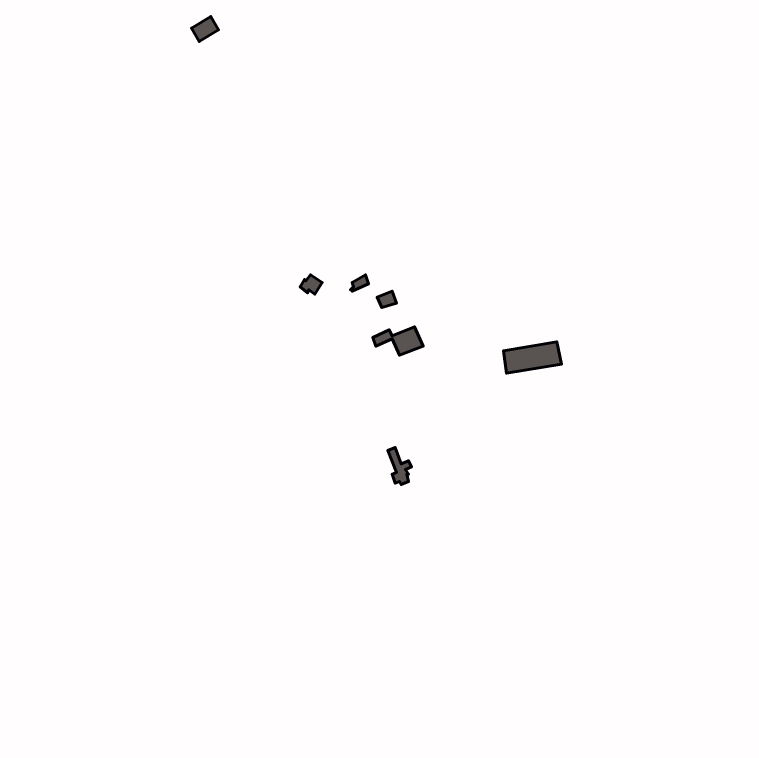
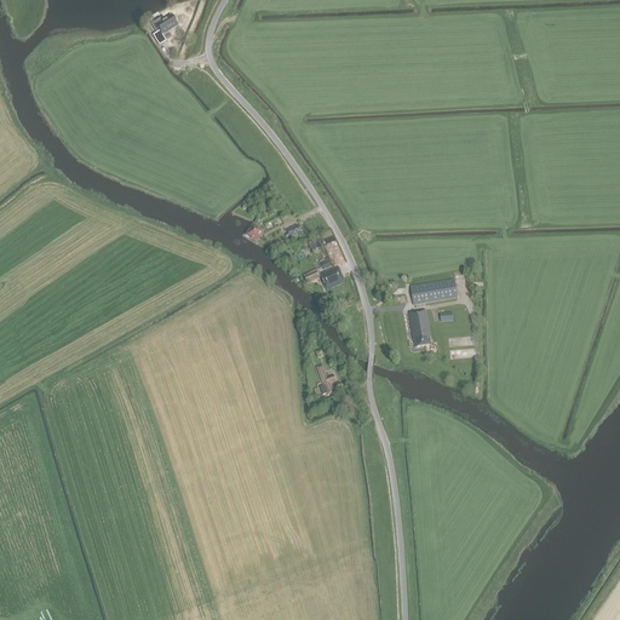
building: none -> [408,310,431,346]

